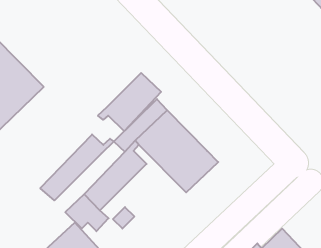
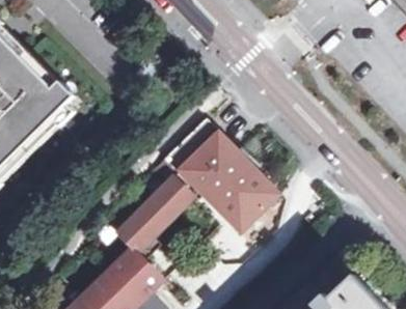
building: [98,73,161,131] -> none
building: [40,134,114,200] -> none

